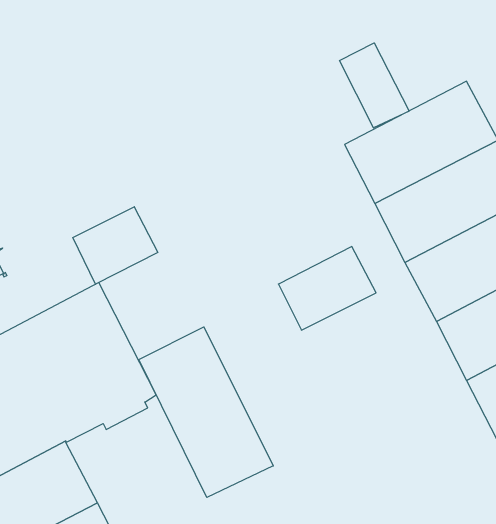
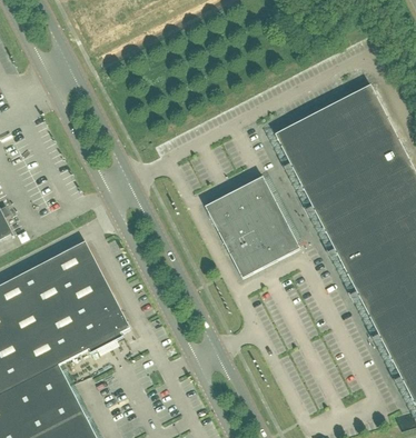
building: [340,43,409,128] -> none
building: none -> [206,176,281,240]
building: [73,207,158,284] -> none
building: [139,327,273,497] -> none

